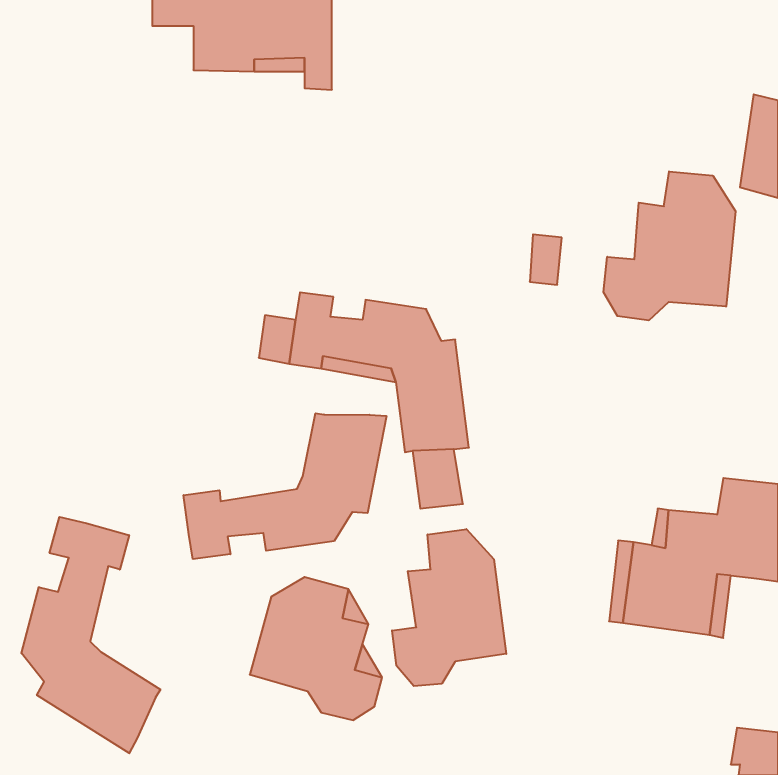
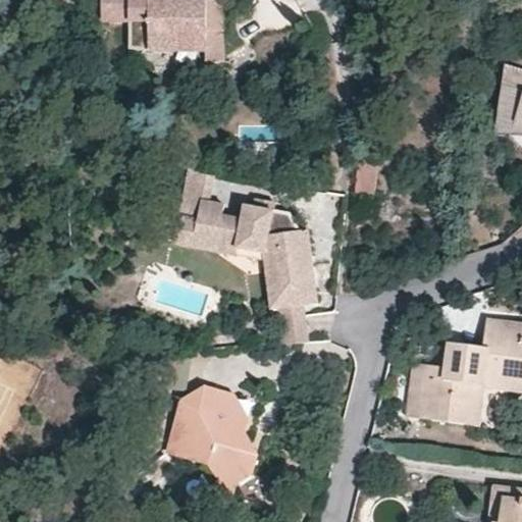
building: [603,171,735,320] -> none
building: [184,413,386,559] -> none
building: [21,517,160,753] -> none
building: [392,529,506,686] -> none

